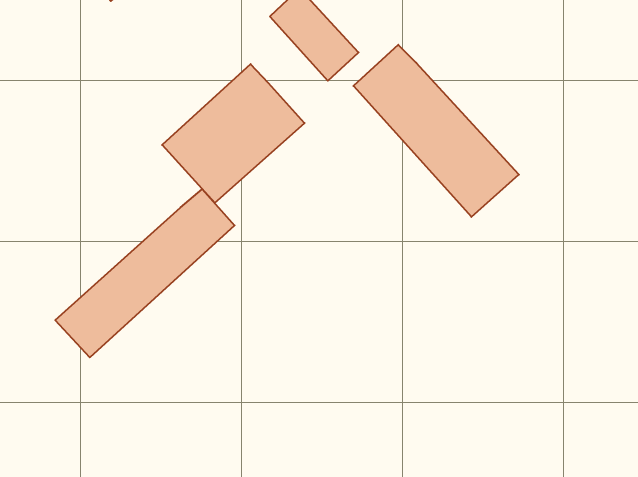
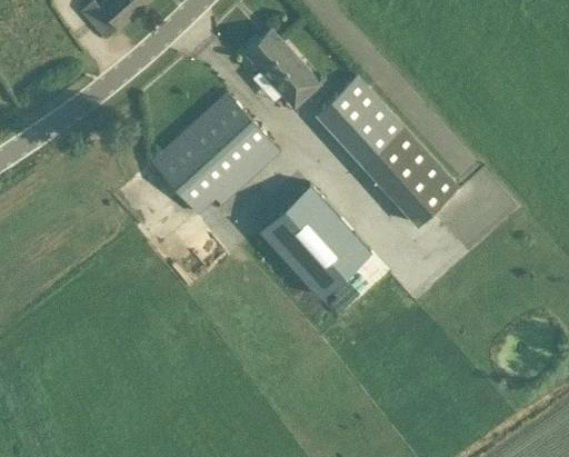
building: none -> [257,191,370,305]
building: [55,189,235,357] -> none

